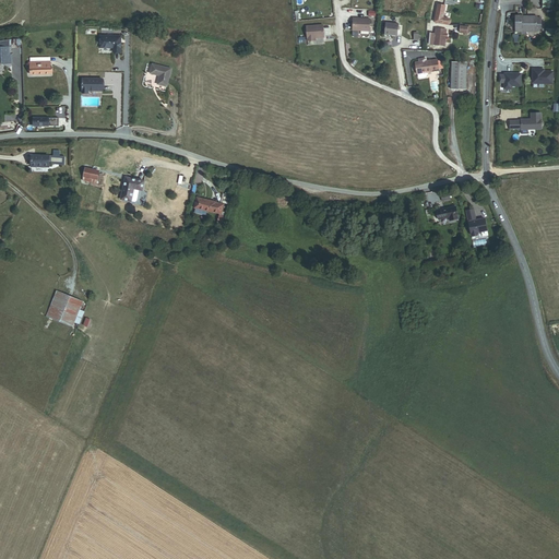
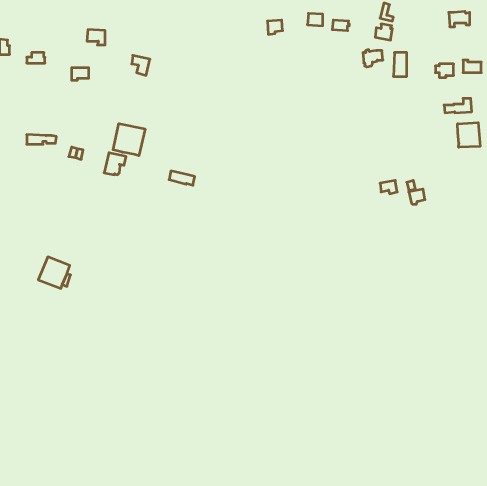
building: none -> [458,123,480,147]
building: none -> [113,124,145,156]

